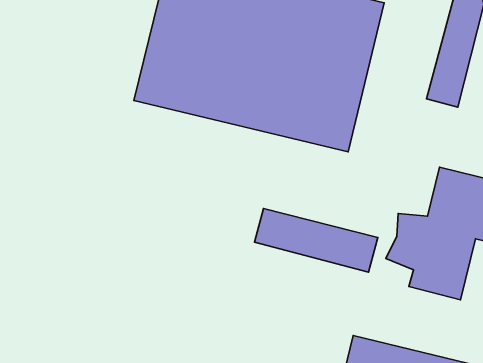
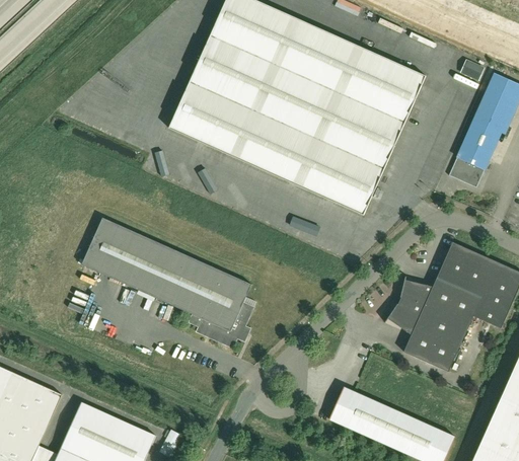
building: [255,208,378,272] -> none
building: none -> [85,222,253,345]

